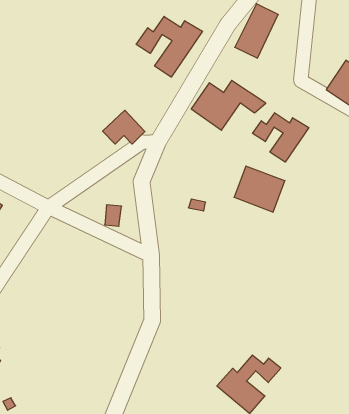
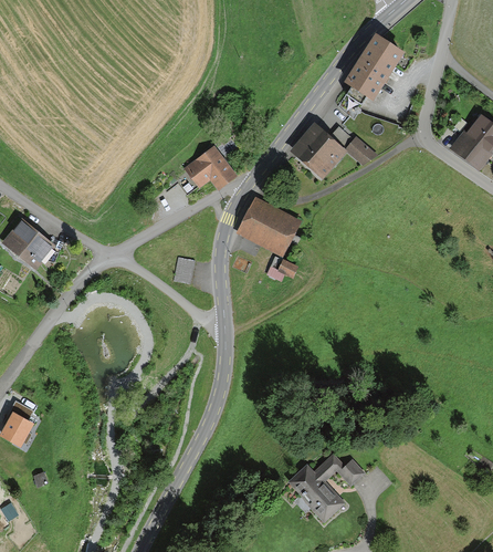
building: [136,16,203,77] -> none
building: [253,113,309,162] -> none
building: [234,166,285,212] -> [237,198,298,256]

